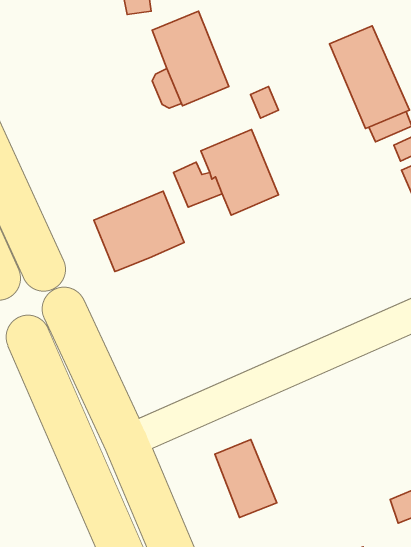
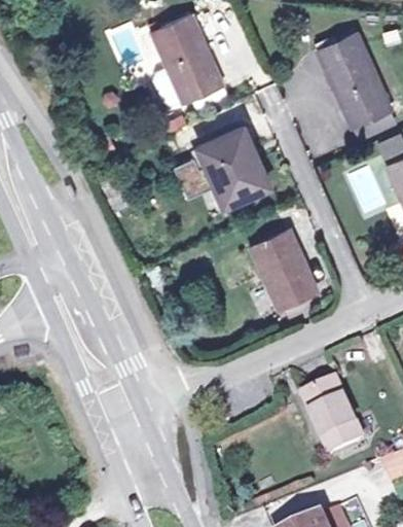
building: [94,191,184,271] -> none
building: none -> [252,229,315,315]
building: [215,440,277,517] -> [305,377,362,448]

